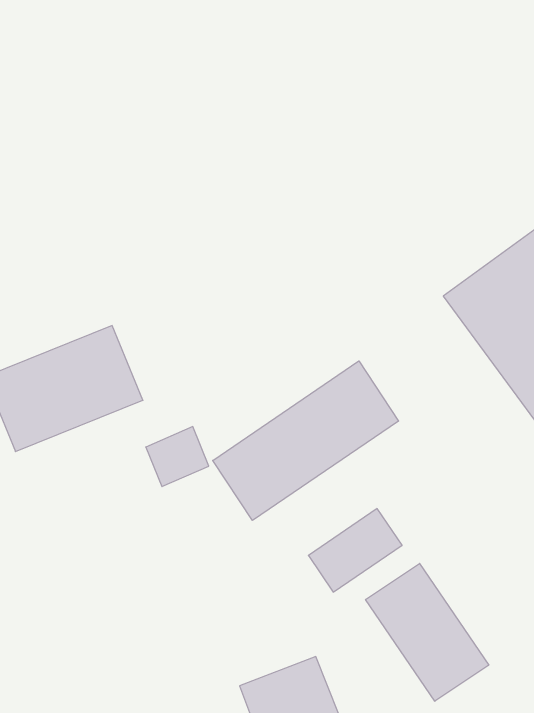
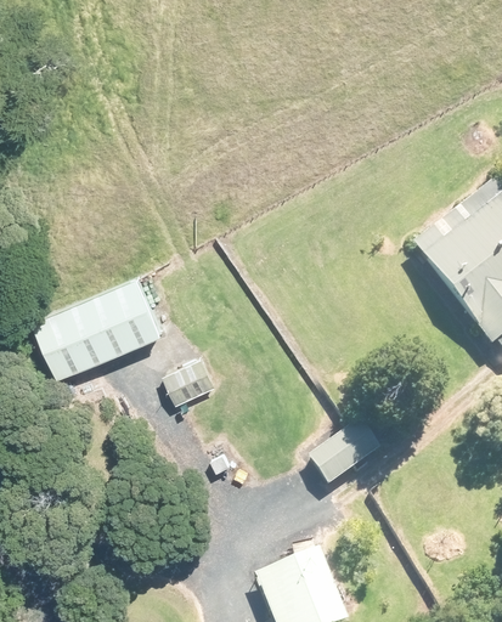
building: [213,361,399,520] -> none
building: [366,563,489,701] -> none

